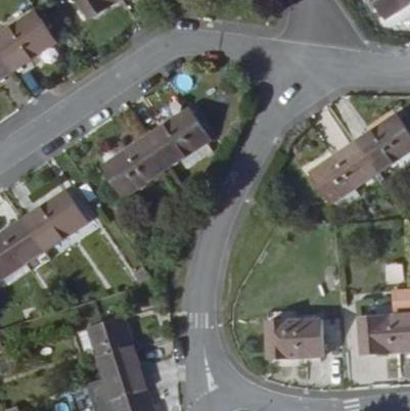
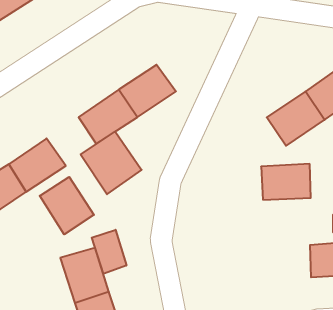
building: none -> [81,131,142,194]
building: none -> [40,177,94,234]
building: none -> [92,230,126,274]
building: [267,314,322,354] -> [261,164,311,200]

